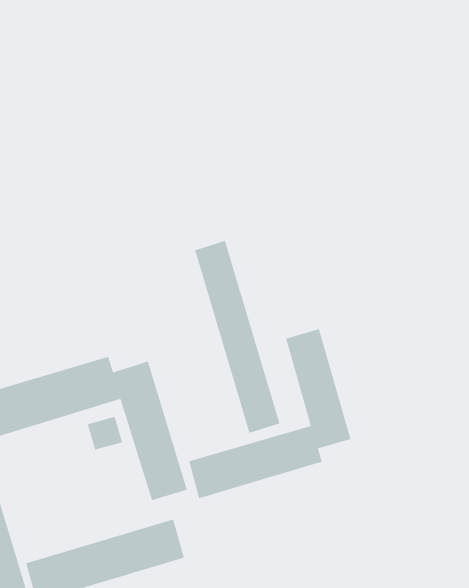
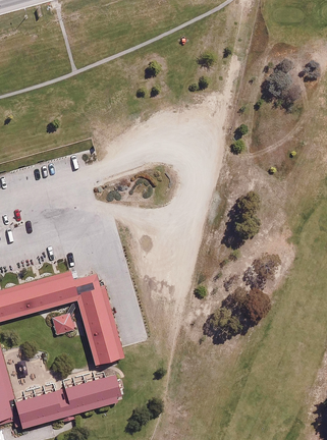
building: [194,240,280,434] -> none
building: [188,328,352,499] -> none

